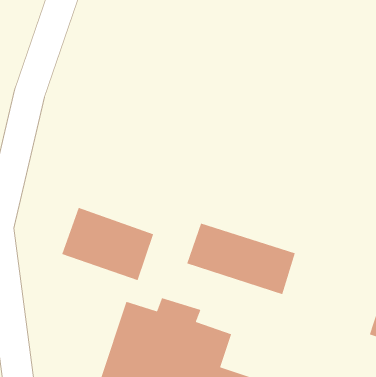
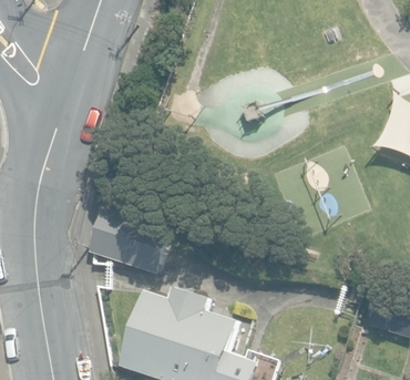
building: [186,222,296,295] -> none

